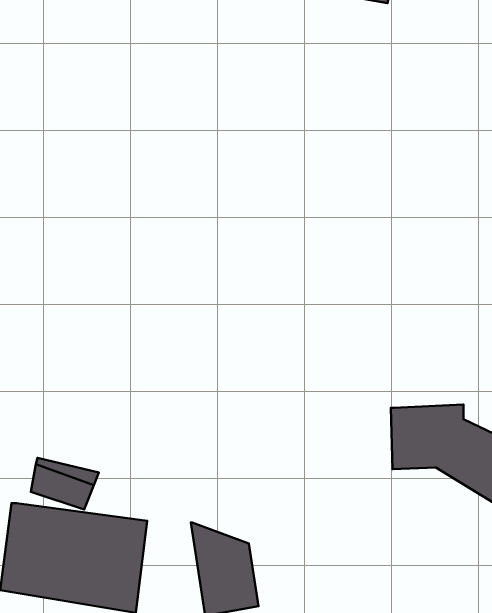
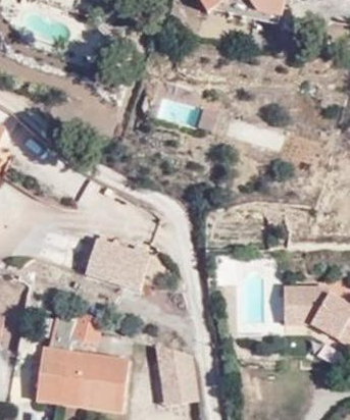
building: none -> [86,233,151,290]

